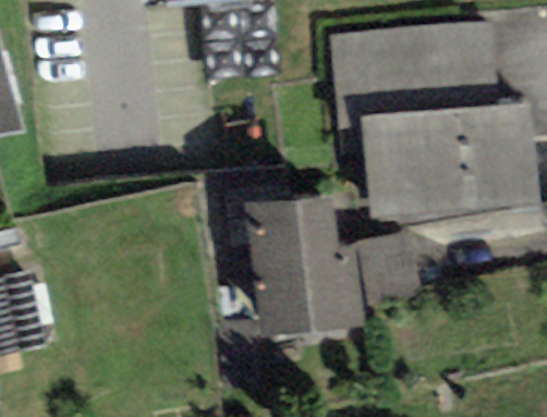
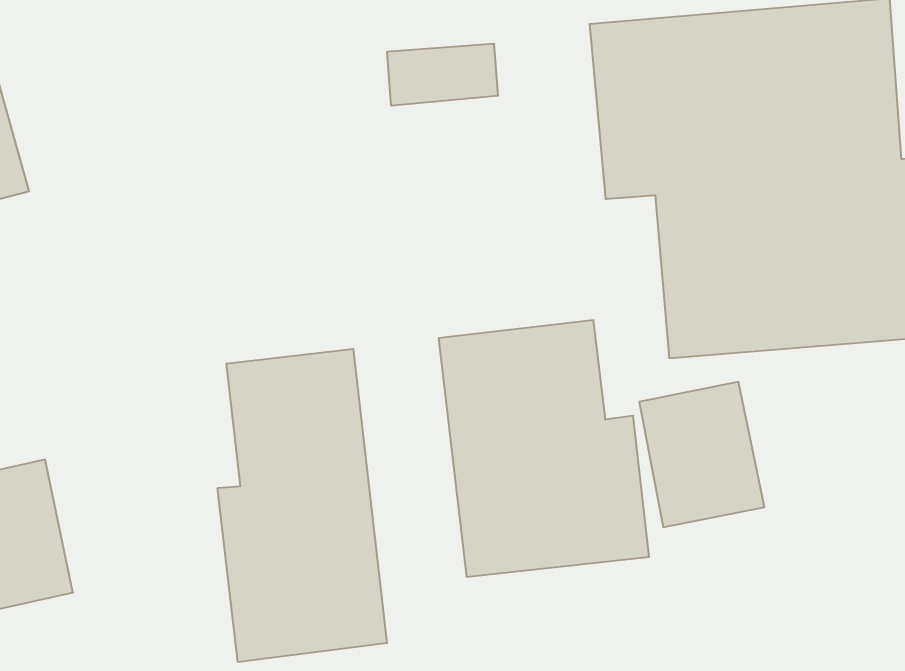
building: none -> [218,349,387,662]

